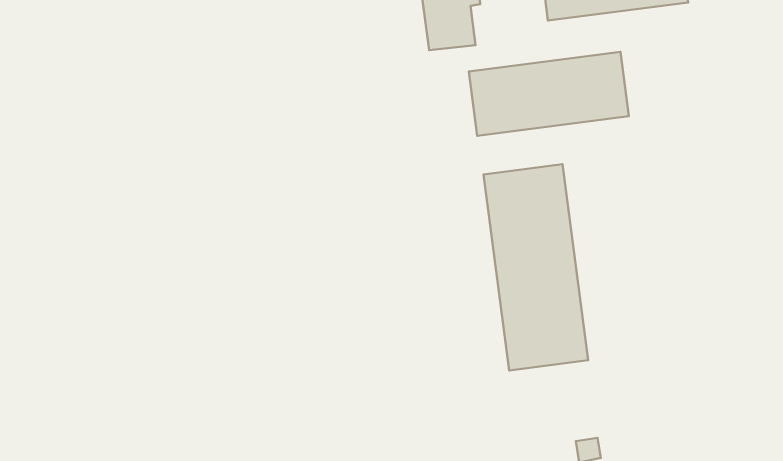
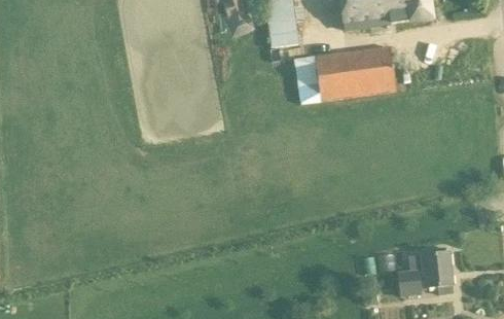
building: [483,164,588,371] -> none
building: none -> [398,248,452,296]

